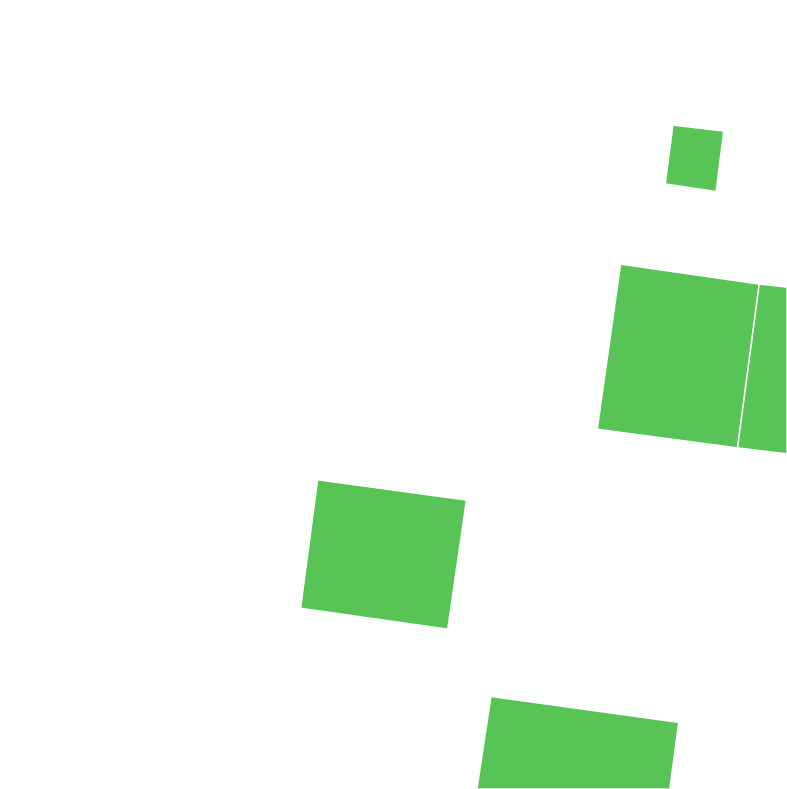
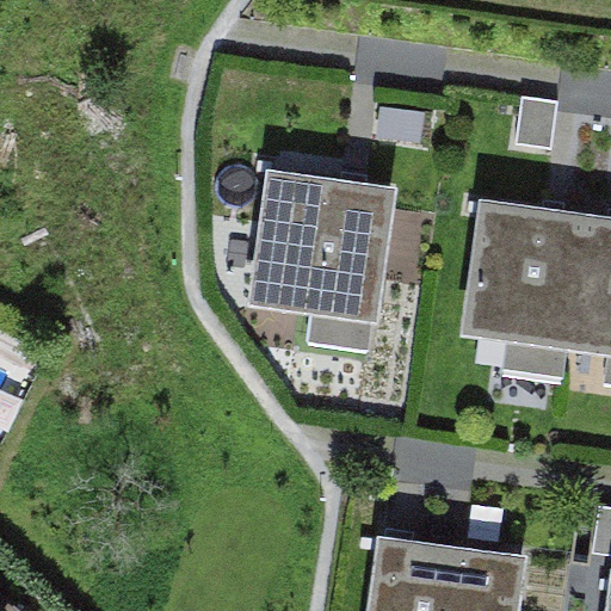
building: none -> [252,171,397,320]
building: [301,480,466,629] -> none

